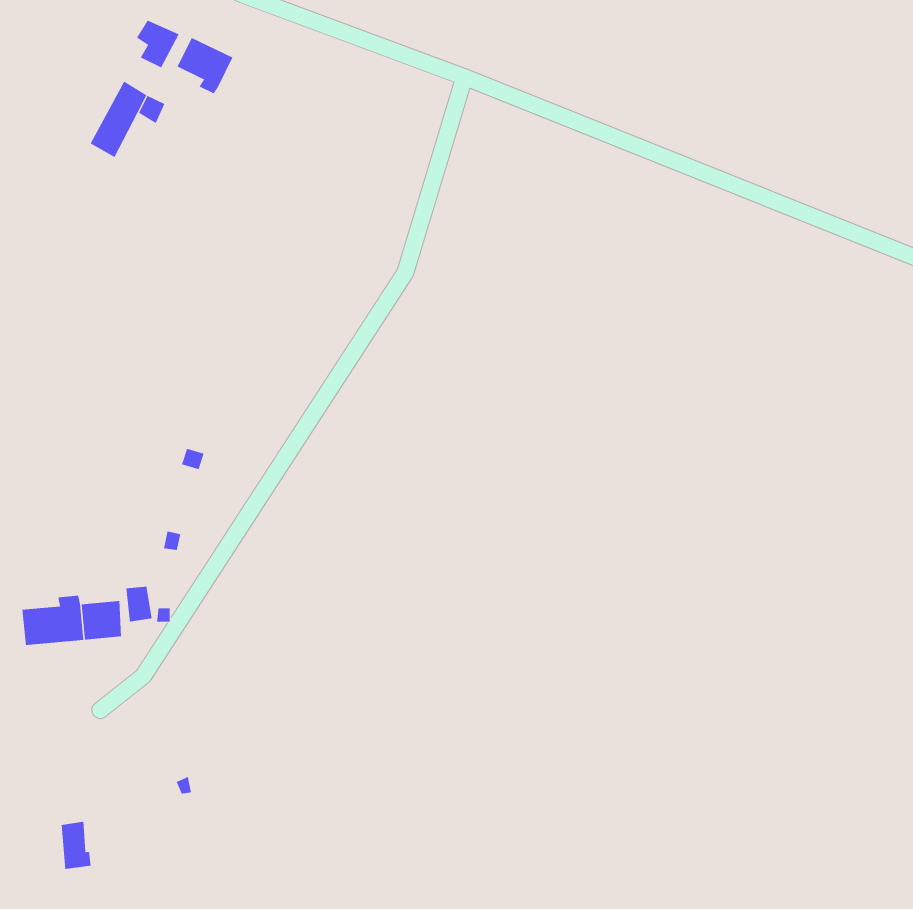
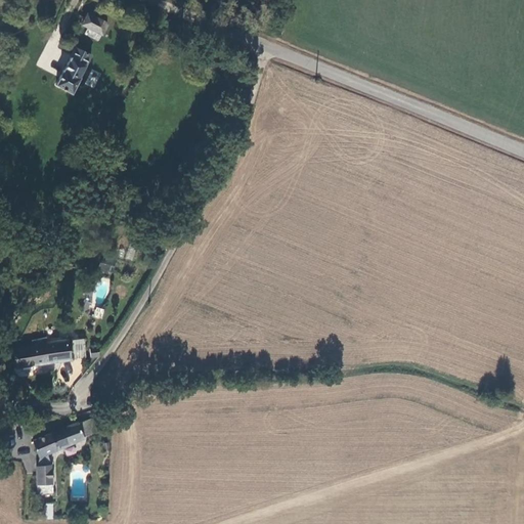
building: [177,37,233,94] -> none
building: none -> [33,421,96,461]

